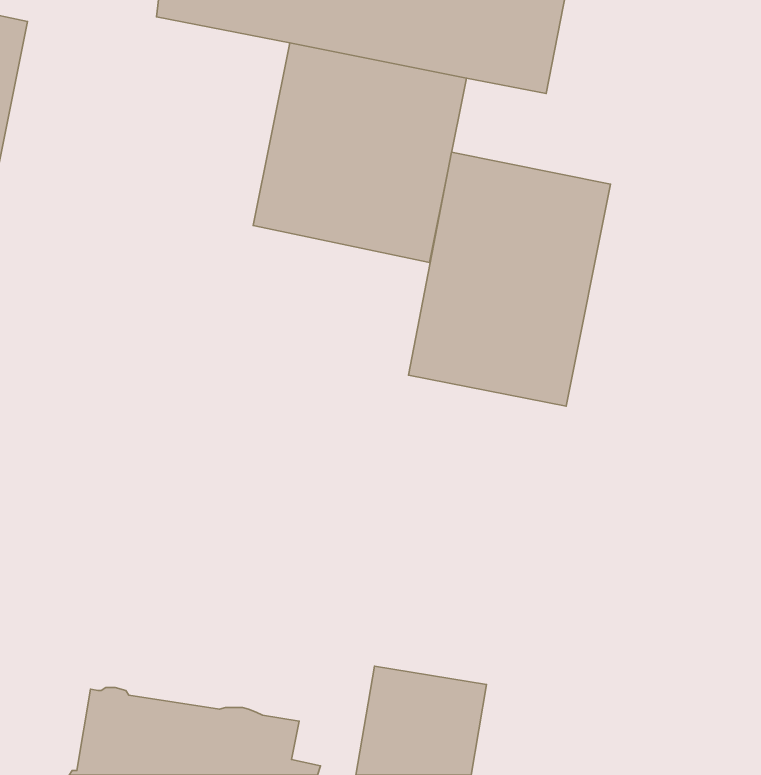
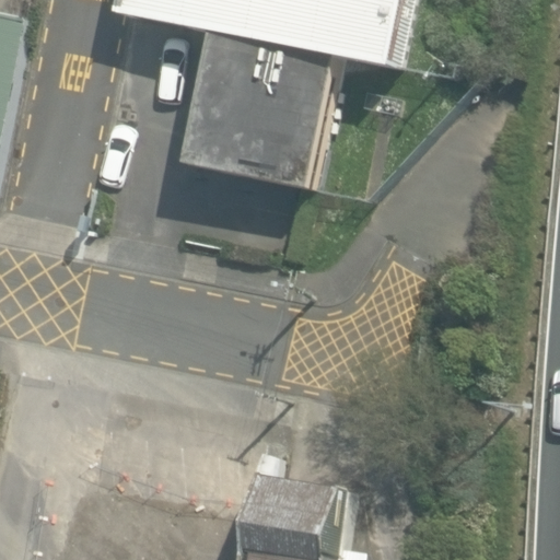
building: [408,152,610,406] -> none

